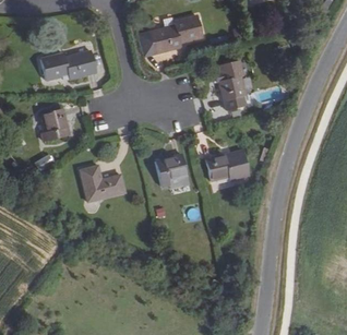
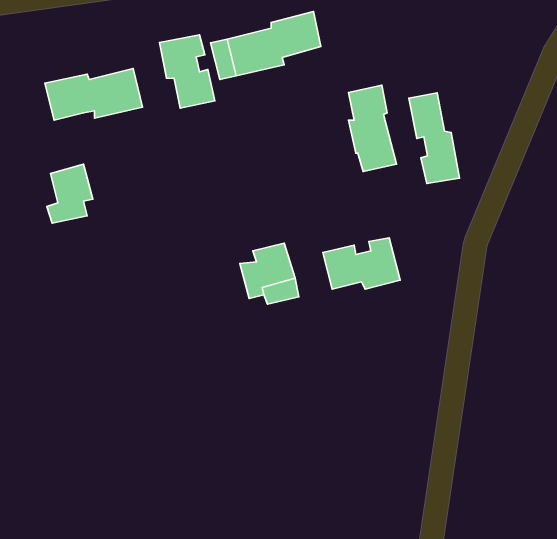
building: none -> [159,35,215,108]
building: none -> [409,93,460,183]
building: [80,165,124,201] -> none

